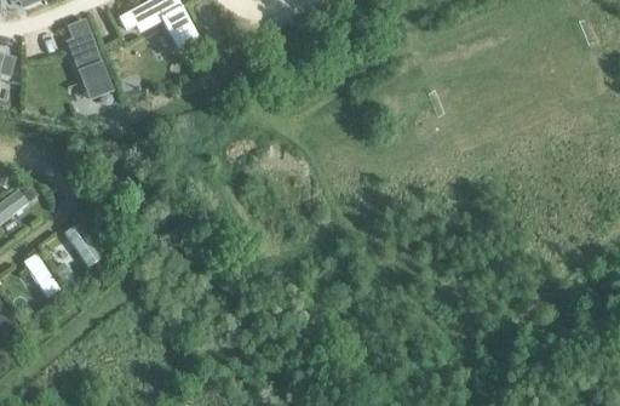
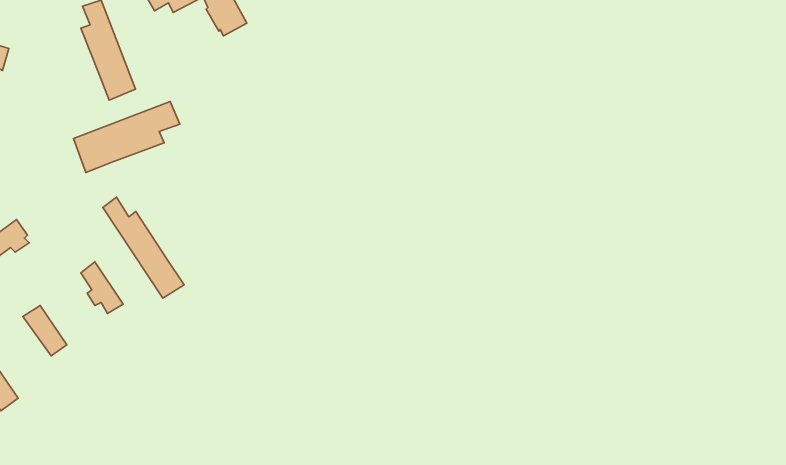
building: none -> [74,101,180,172]
building: none -> [103,197,184,298]

